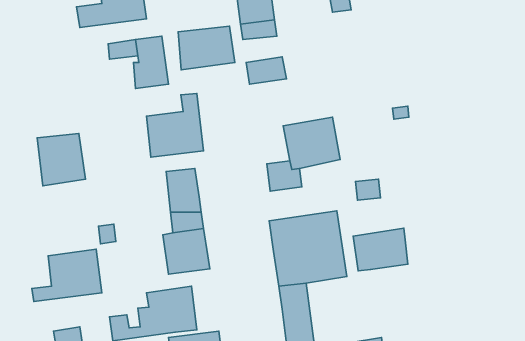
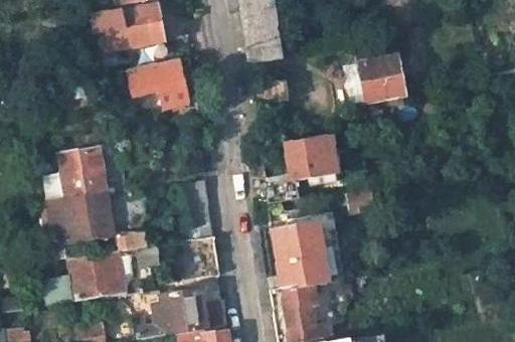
building: [178,26,235,70] -> none
building: none -> [350,55,407,100]
building: [146,93,203,157] -> none
building: none -> [50,190,111,238]
building: [353,228,408,271] -> none

